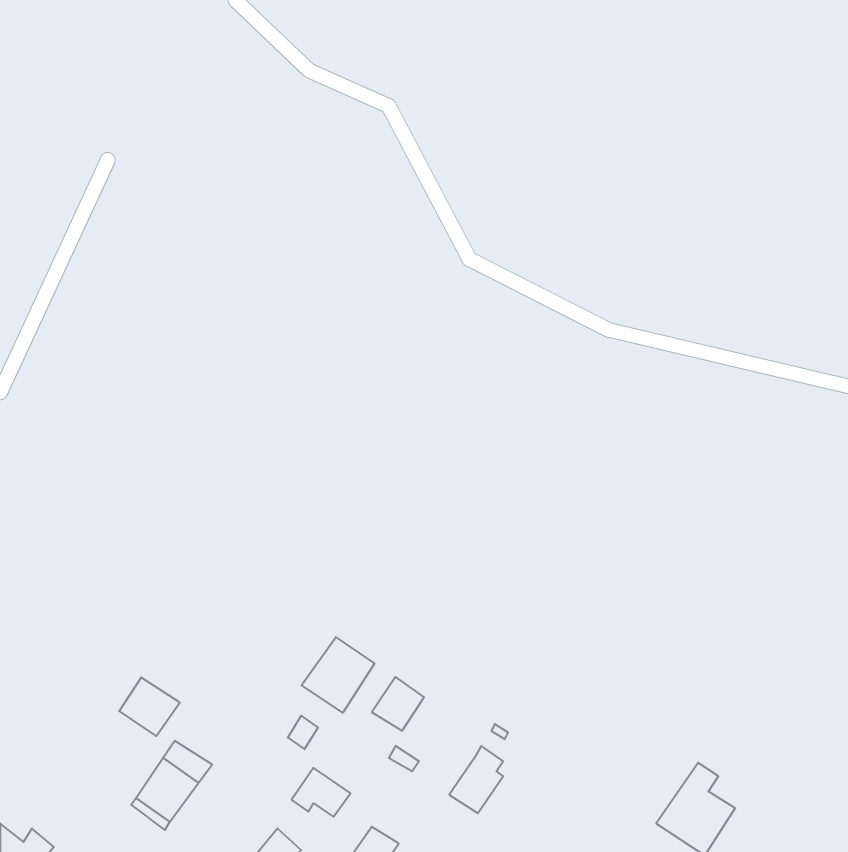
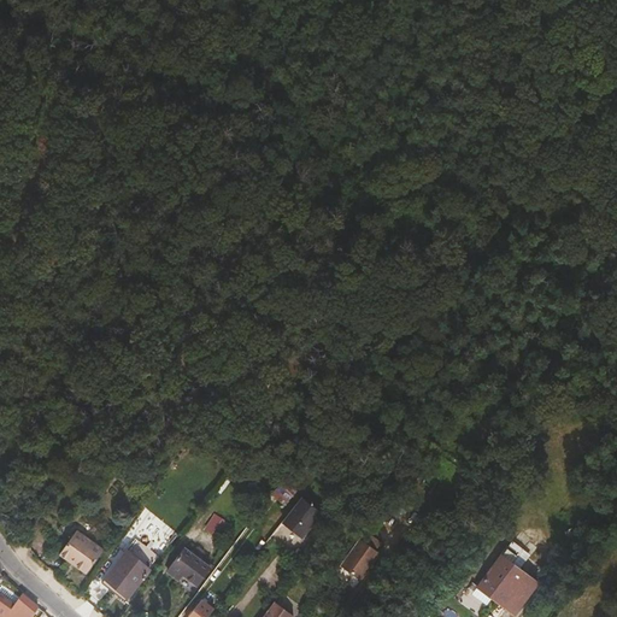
building: [301,637,374,713] -> none
building: [119,677,180,736] -> [61,533,105,575]
building: [292,768,350,817] -> [169,547,211,582]

